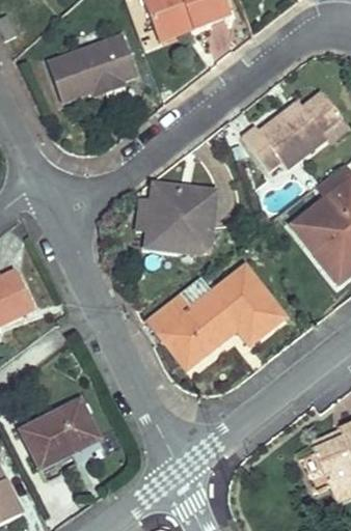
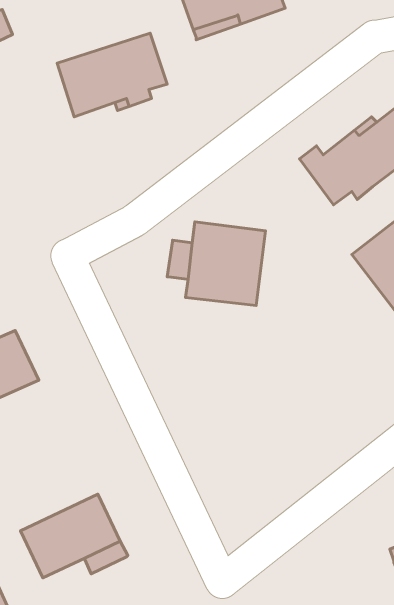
building: [147,266,284,366] -> none

